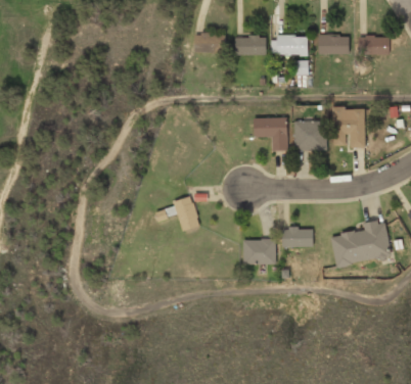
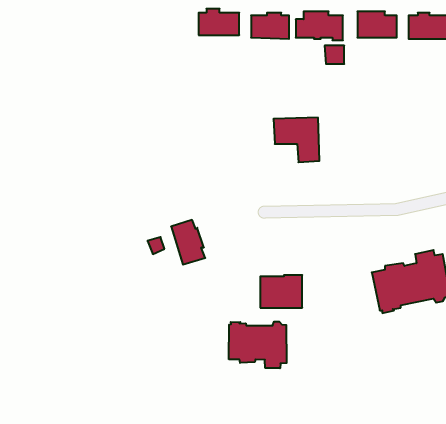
building: [331,106,364,147] -> none
building: [293,121,327,150] -> none
building: [281,227,313,247] -> none
building: none -> [229,322,287,368]

